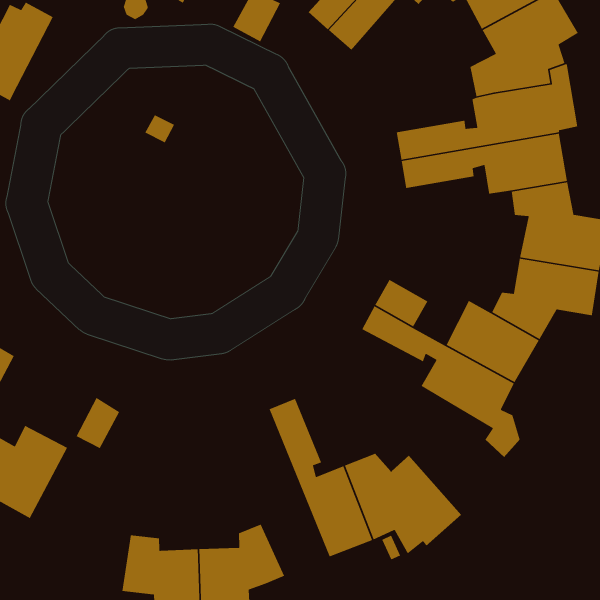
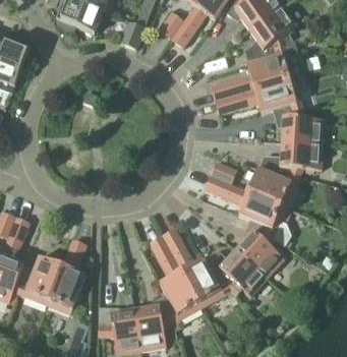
building: none -> [236,219,284,277]
building: none -> [149,234,201,318]
building: none -> [47,265,85,313]

